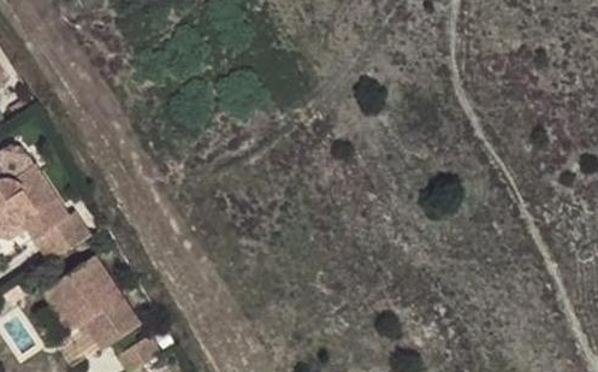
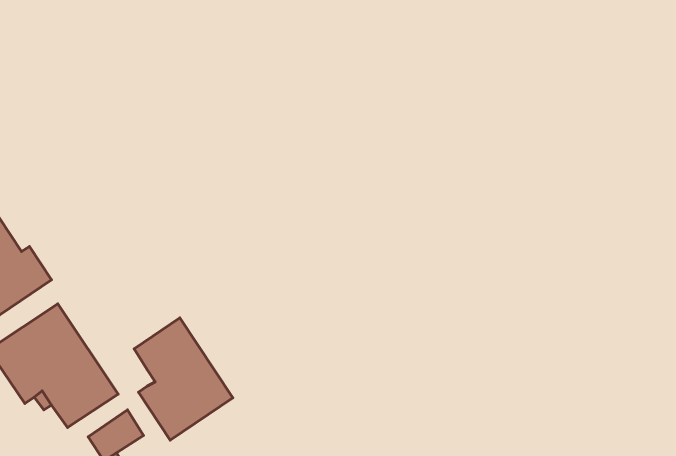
building: none -> [134,318,233,440]

